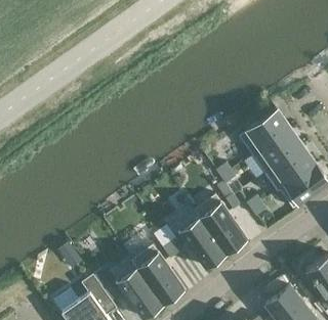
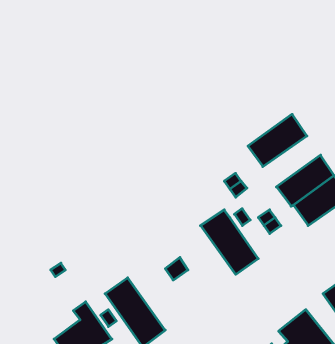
building: [251,129,303,175] -> none
building: [170,204,227,268] -> none
building: [122,231,184,304] -> none

